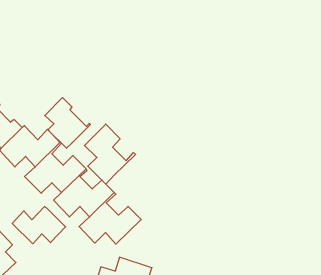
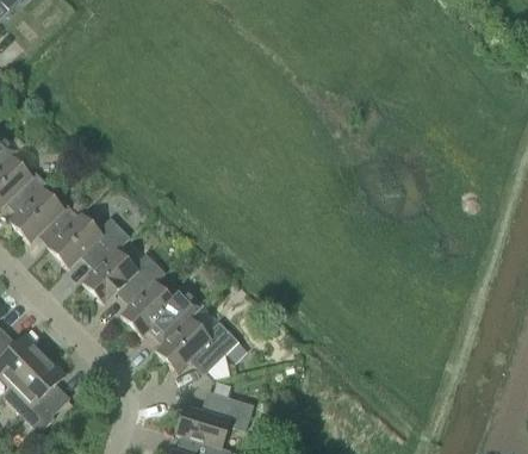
building: [45,98,90,148] -> none
building: [84,124,136,184] -> none
building: [12,207,66,244] -> none

